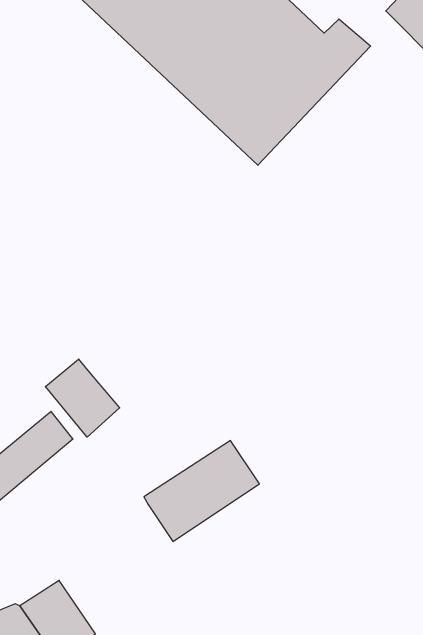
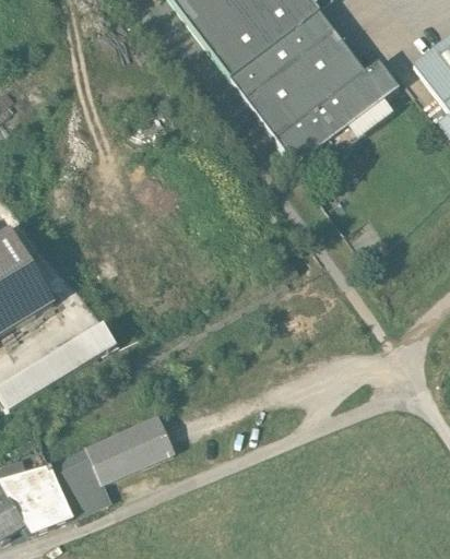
building: [45,359,120,437] -> none
building: [144,441,259,541] -> [84,416,175,486]

